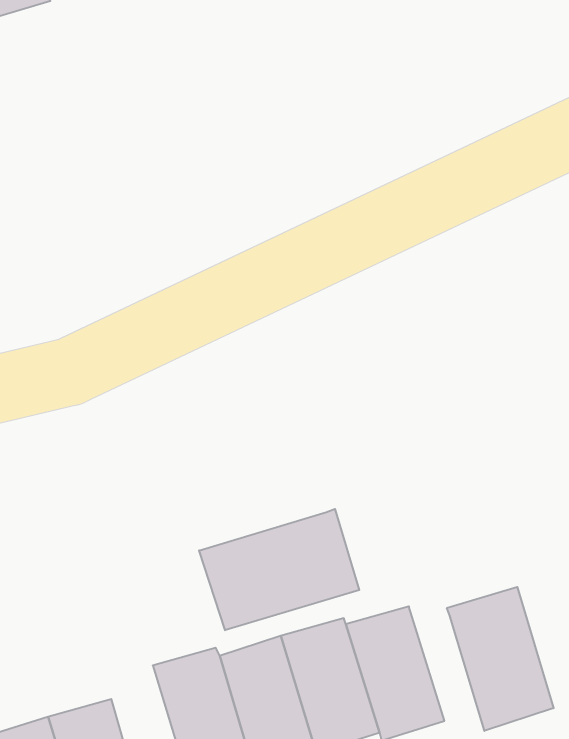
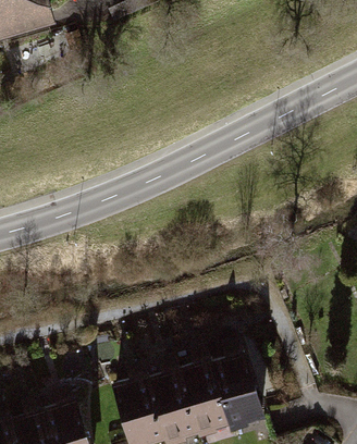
building: [199,509,359,630] -> none
building: [447,587,554,731] -> none

